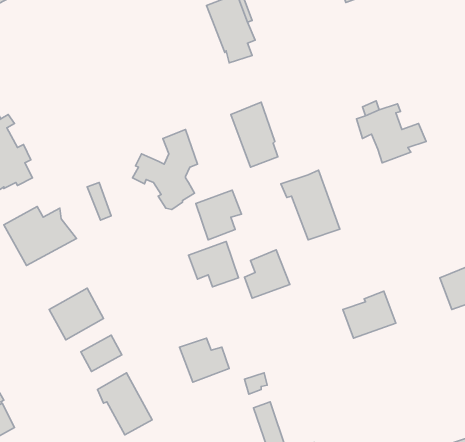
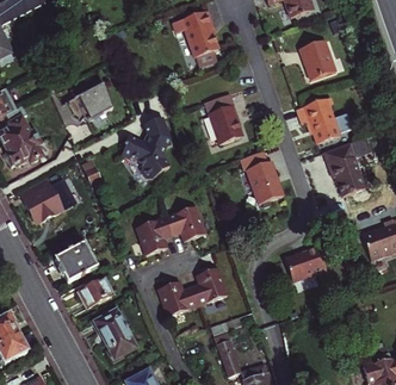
building: none -> [298,39,334,79]
building: none -> [73,83,115,122]
building: none -> [323,136,371,194]
building: [196,190,241,240] -> [136,216,172,255]
building: [245,250,290,298] -> [191,267,227,305]

